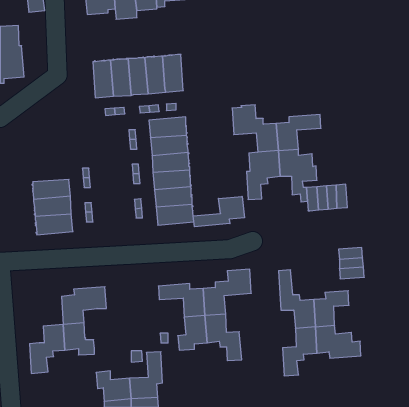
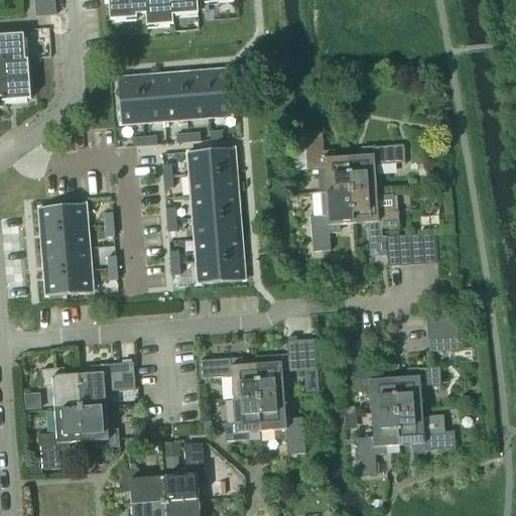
building: none -> [39,203,87,229]
building: [193,196,244,227] -> none
building: none -> [40,367,80,410]

